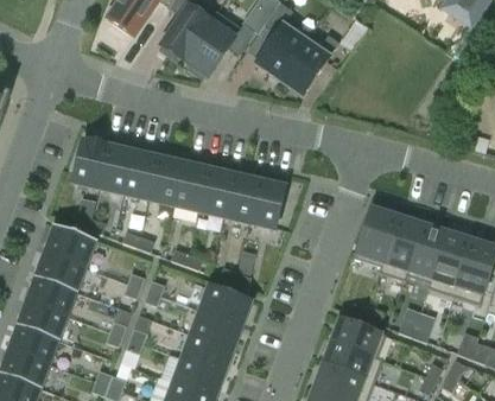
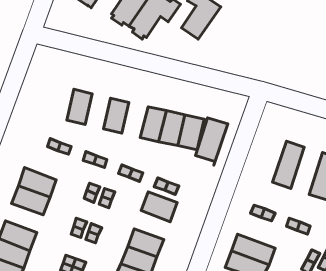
building: [278,33,338,94] -> none
building: [74,139,109,186] -> none
building: [125,151,159,198] -> none
building: [174,163,210,210] -> none
building: [354,206,398,270] -> [195,118,228,165]
building: [43,223,96,267] -> none
building: [404,223,446,287] -> none
building: [17,299,68,338] -> none
building: [191,308,240,348] -> none
building: [331,317,386,359] -> none

